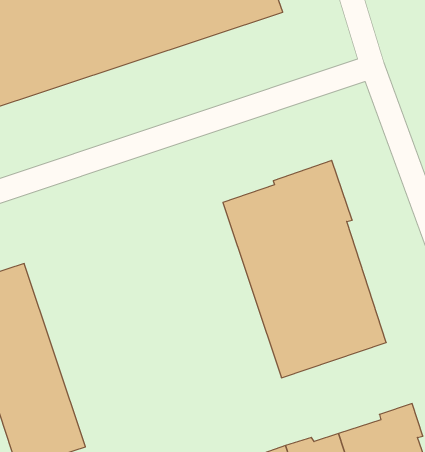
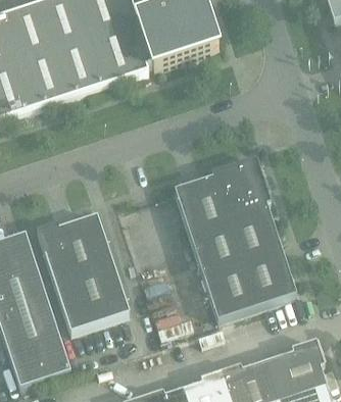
building: none -> [37,211,129,329]

